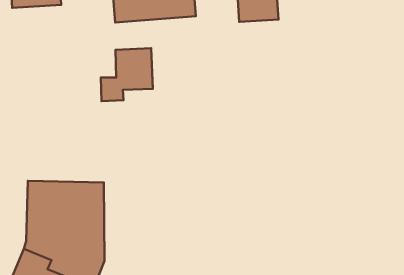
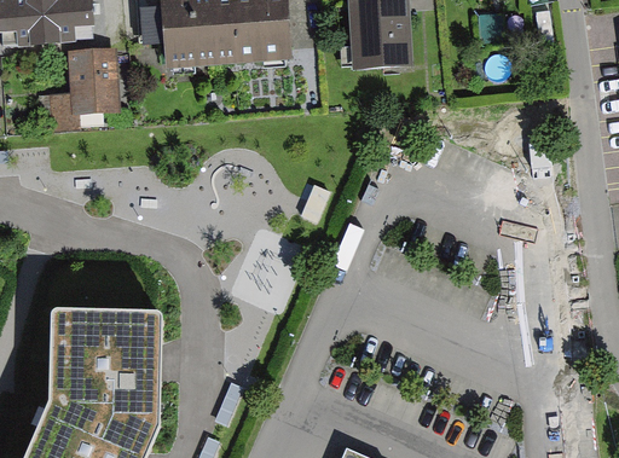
building: [101,48,153,101] -> [44,51,121,129]

